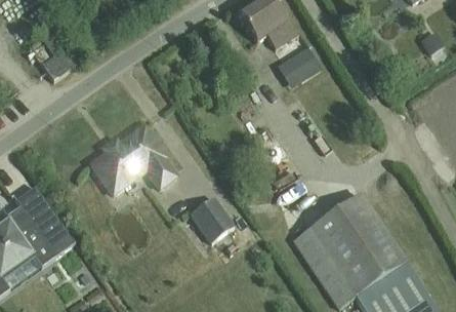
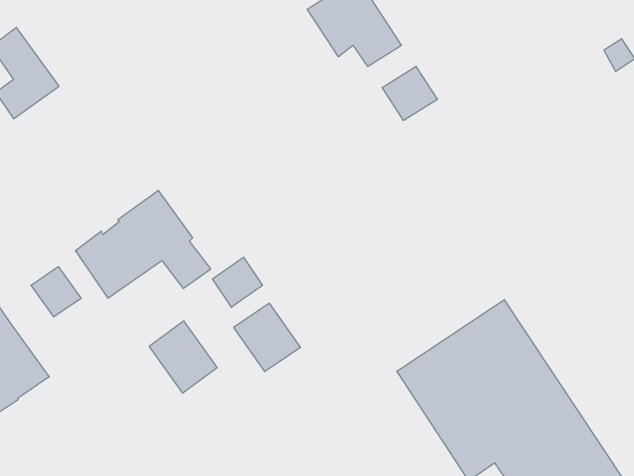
building: none -> [213,257,262,307]
building: none -> [31,267,81,317]
building: none -> [149,321,217,393]

